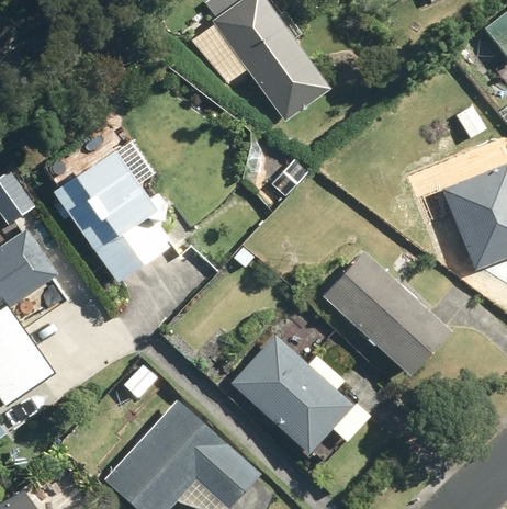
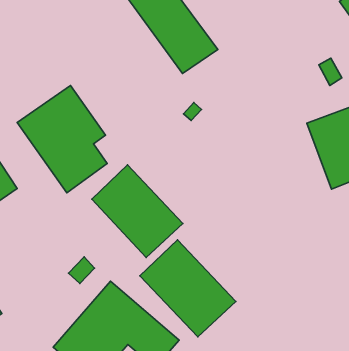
building: none -> [92,165,183,258]
building: [317,253,443,381] -> none

